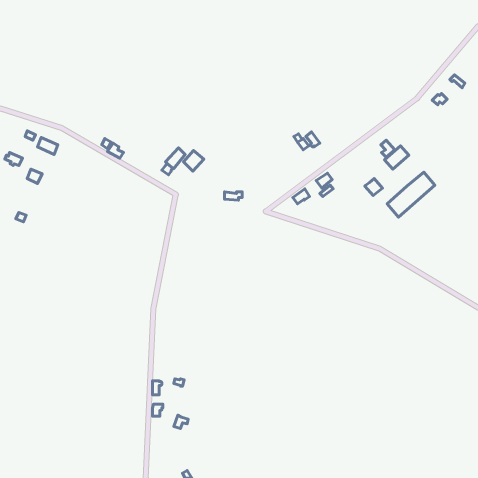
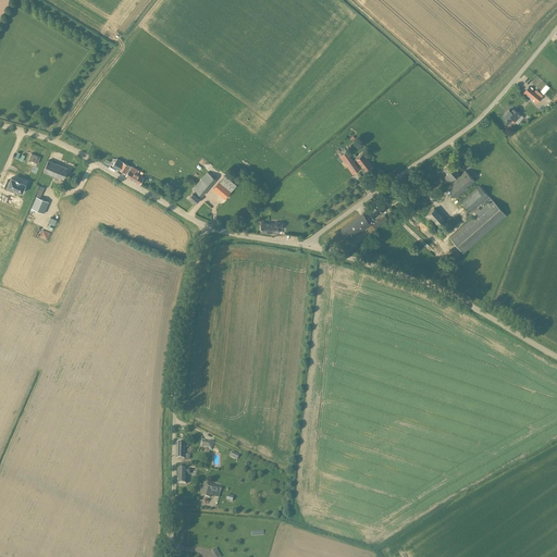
building: none -> [461,186,493,216]

